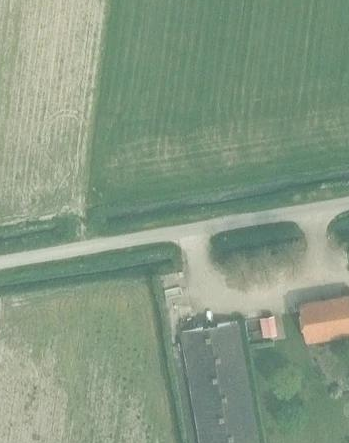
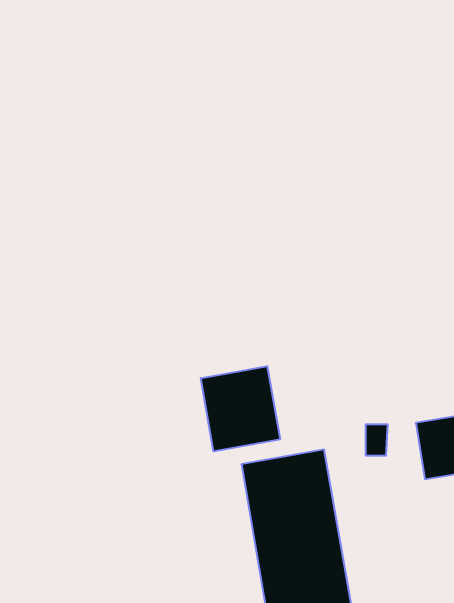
building: none -> [201,366,280,451]

